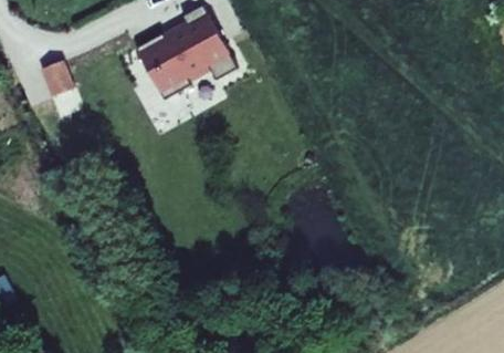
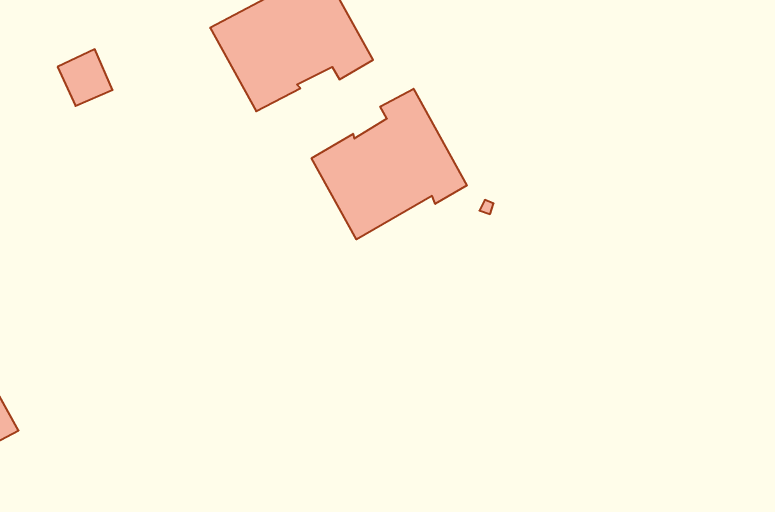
building: none -> [312,89,467,239]

